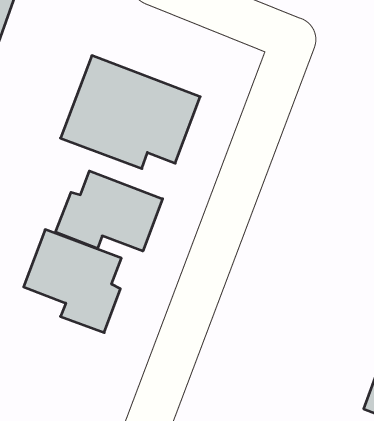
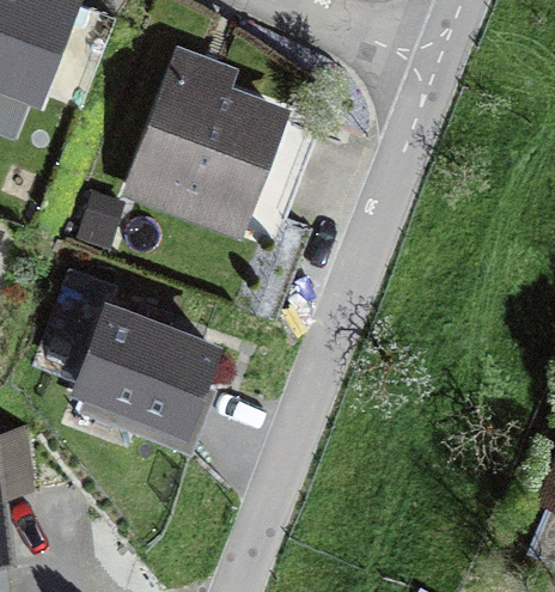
building: [56,171,163,251] -> none

